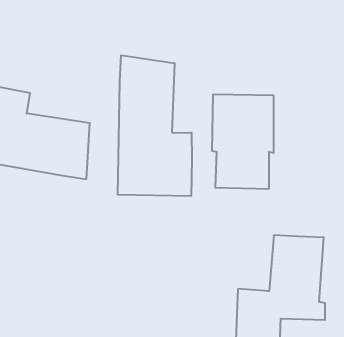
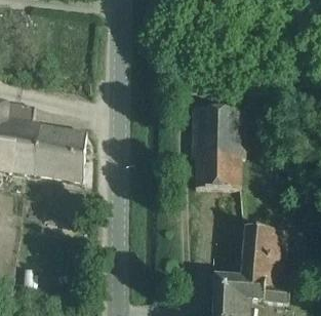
building: [118,55,192,196] -> none

